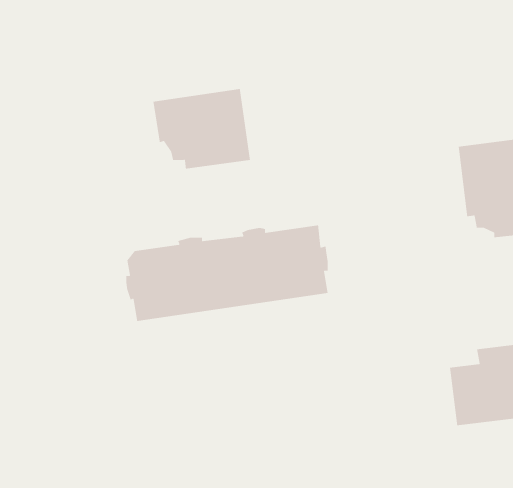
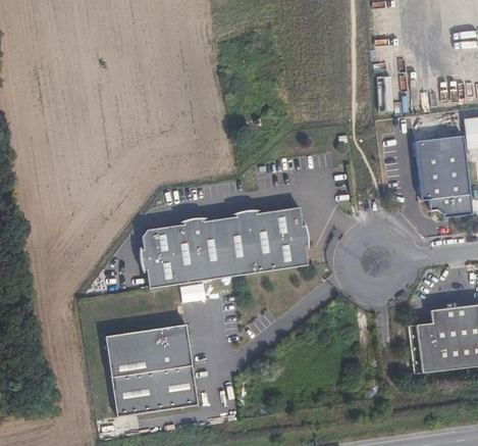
building: [153,88,251,170] -> none
building: none -> [104,321,197,414]

